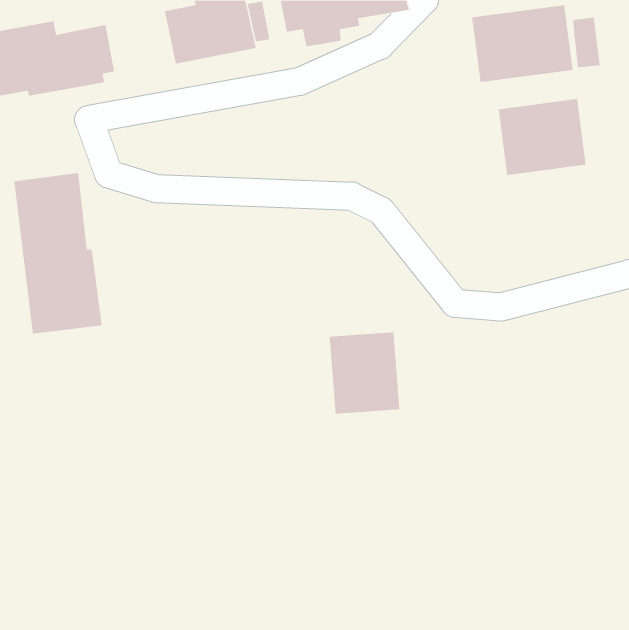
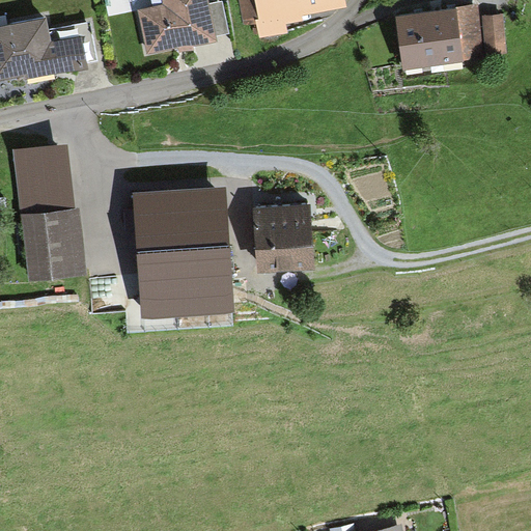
building: [498,98,586,176] -> none
building: none -> [135,187,231,316]
building: [329,332,400,414] -> [253,202,313,272]

